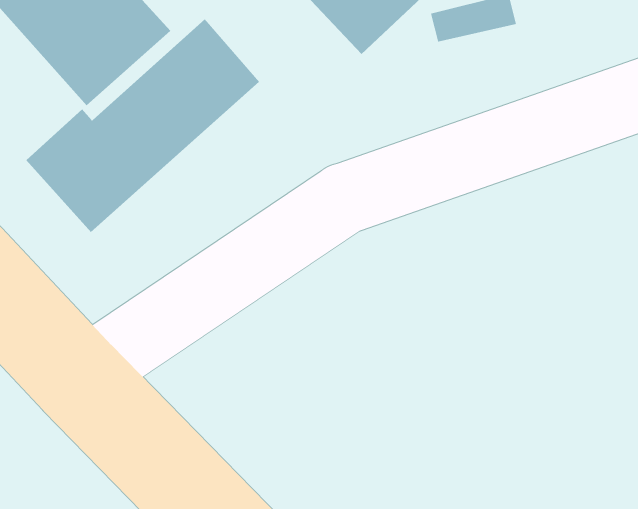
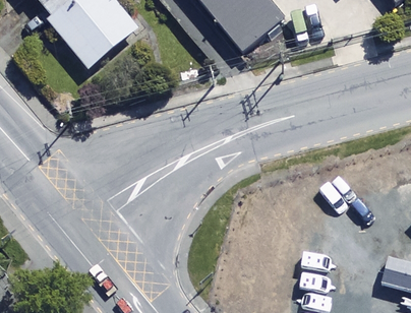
building: [26,19,260,233] -> none

